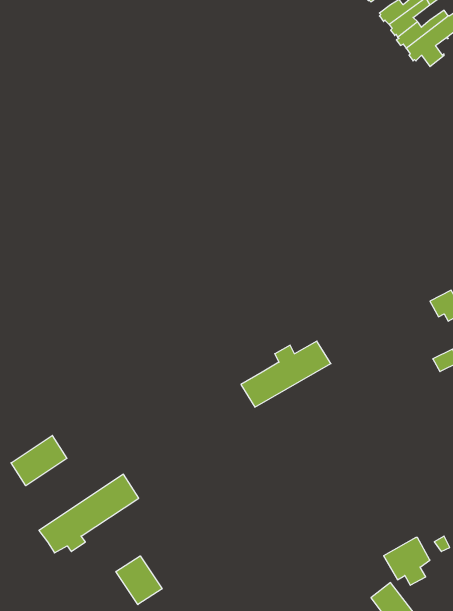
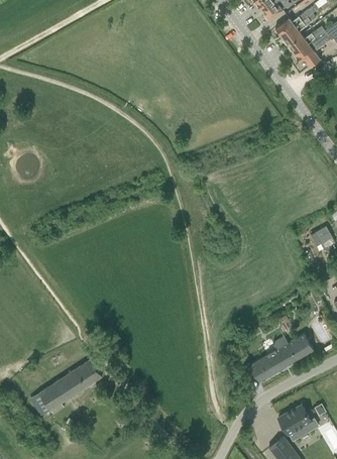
building: [241,341,331,407] -> [249,335,314,382]
building: [11,435,67,486] -> none
building: [116,556,162,605] -> none

